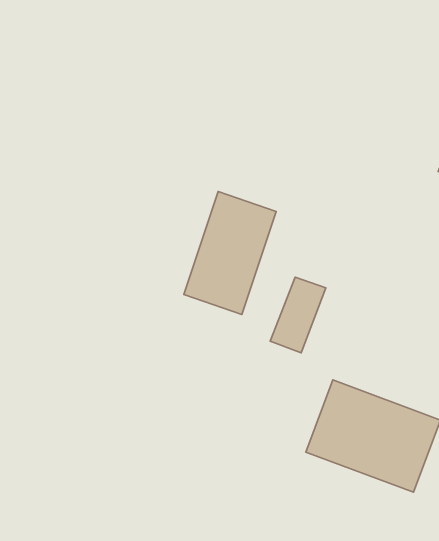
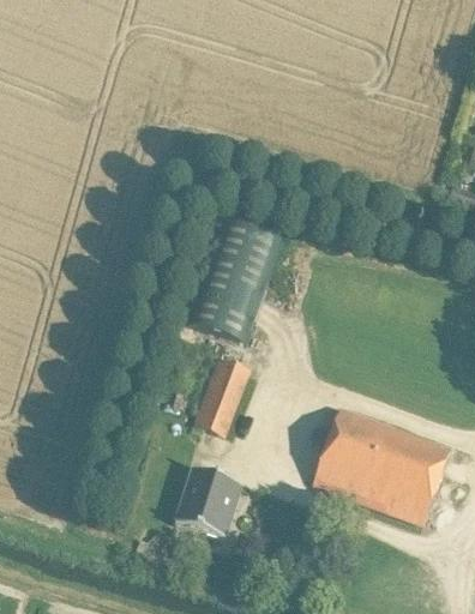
building: [270,277,326,353] -> [193,359,249,435]
building: none -> [175,468,242,537]

